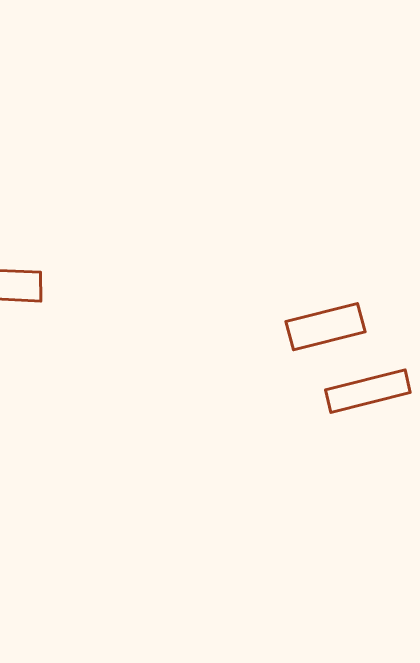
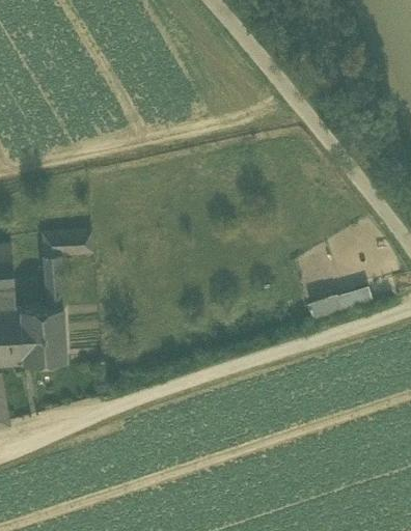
building: [286,303,365,350] -> none

